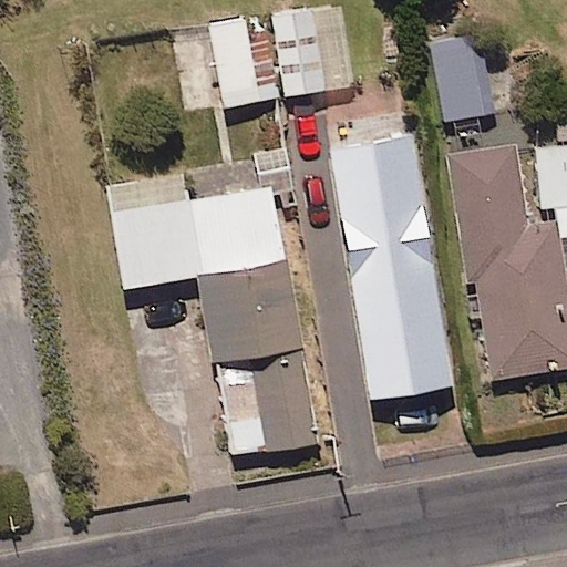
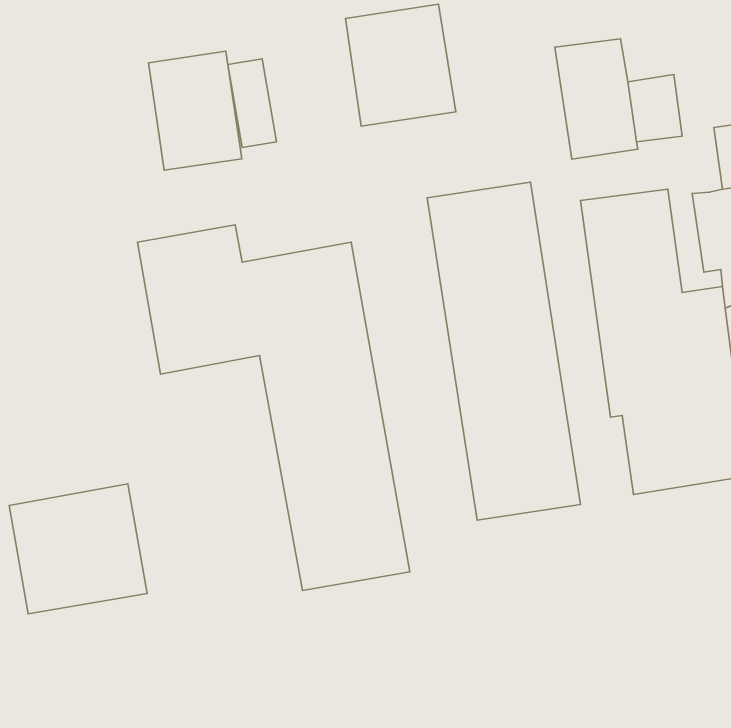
building: [208,14,280,106] -> [149,51,242,170]
building: none -> [9,484,147,614]

